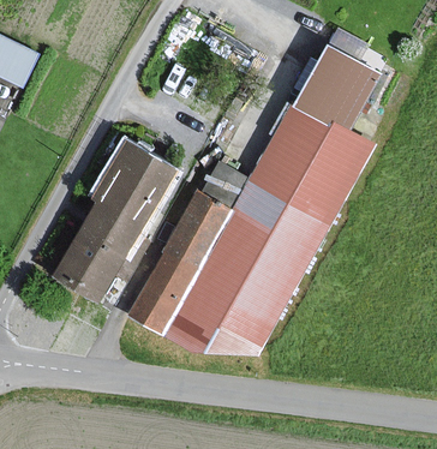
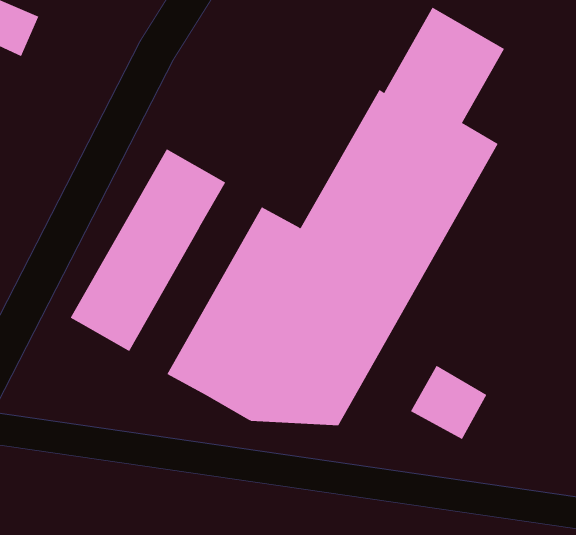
building: none -> [410,365,487,440]

